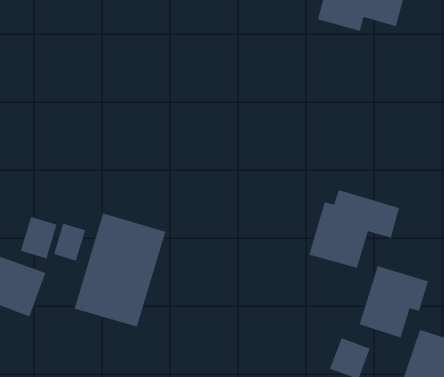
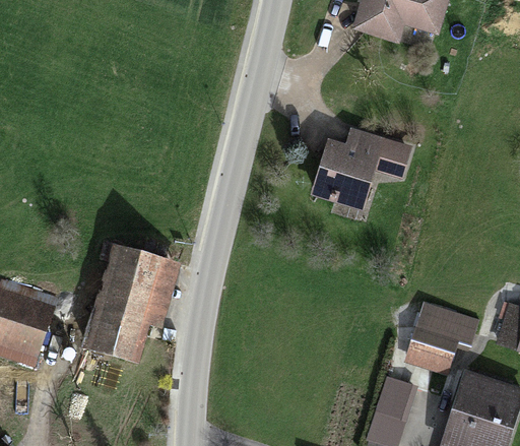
building: [309,189,400,269] -> [312,124,412,211]
building: [20,216,57,259] -> none
building: [53,223,86,261] -> none

